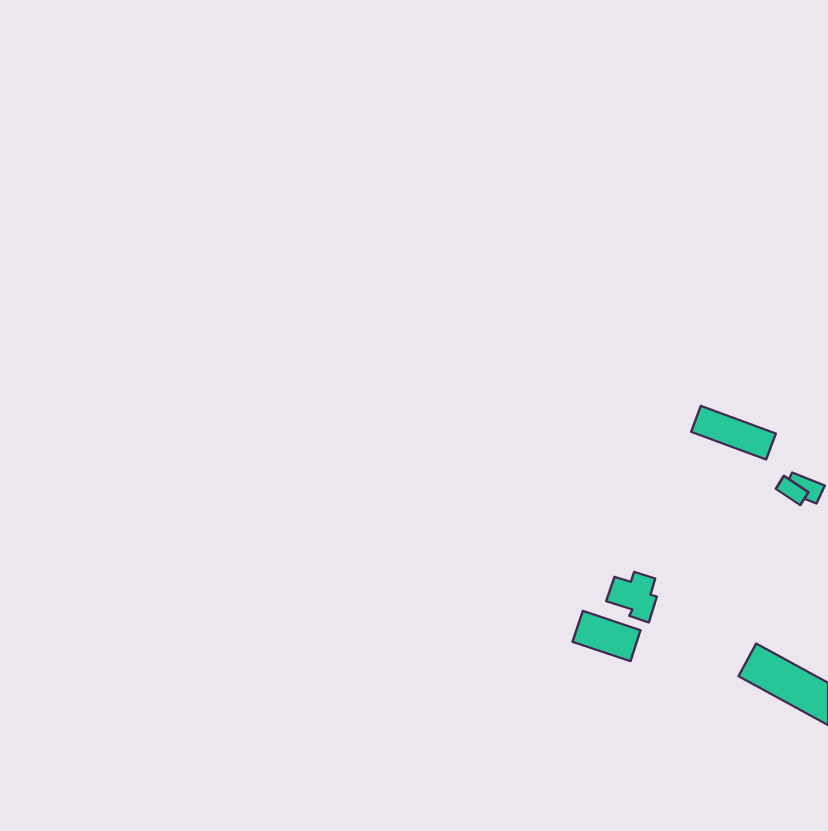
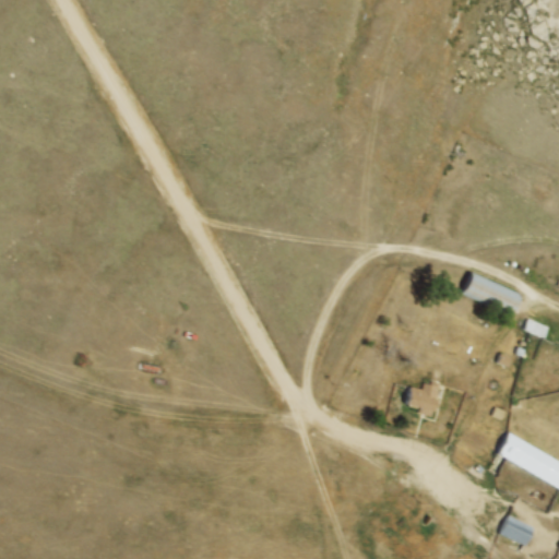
building: [573,611,641,661] -> none
building: none -> [502,518,534,547]

